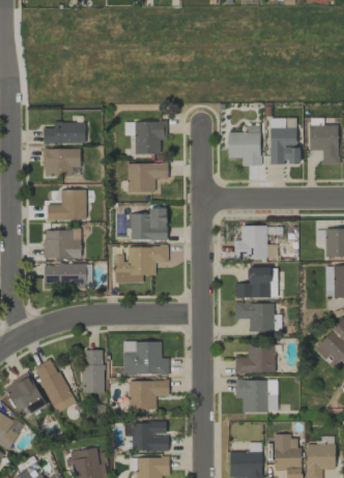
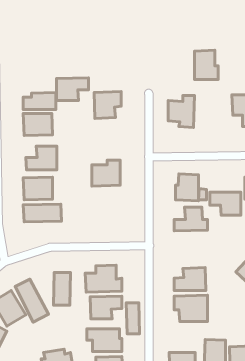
building: [270,126,300,163] -> [194,50,218,80]
building: [127,162,168,191] -> [57,78,88,101]
building: [114,245,168,282] -> none
building: [235,302,275,331] -> [210,192,241,215]
building: none -> [126,303,140,334]

